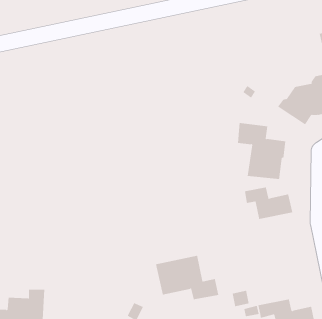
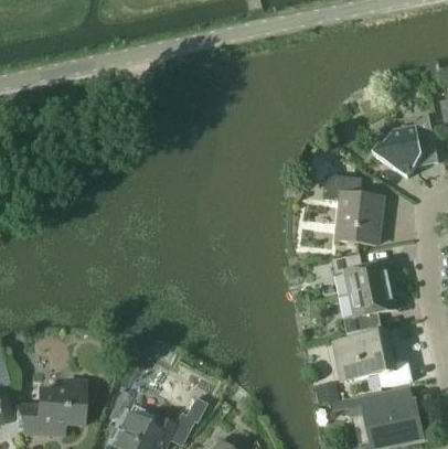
building: none -> [344,285,397,333]
building: [155,255,219,300] -> [333,331,413,386]

